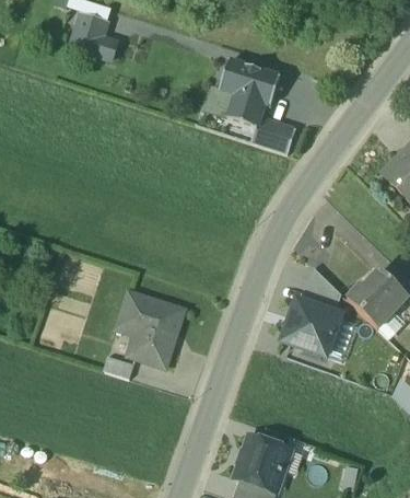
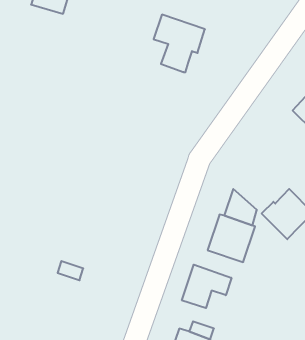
building: [249,116,295,153] -> none
building: [120,291,183,367] -> none
building: none -> [182,265,231,308]

